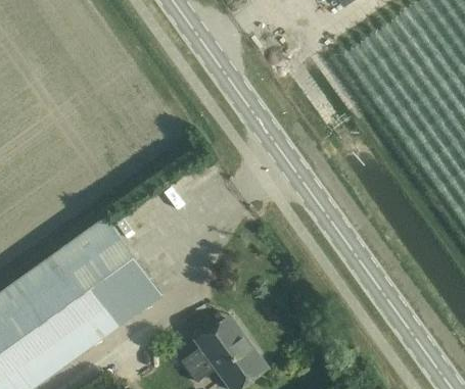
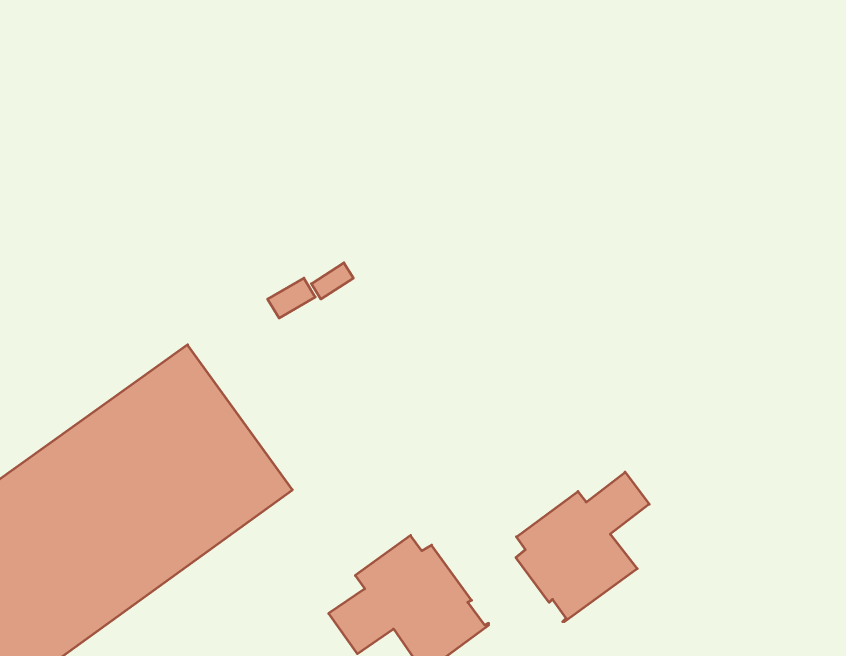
building: none -> [516,472,649,622]

